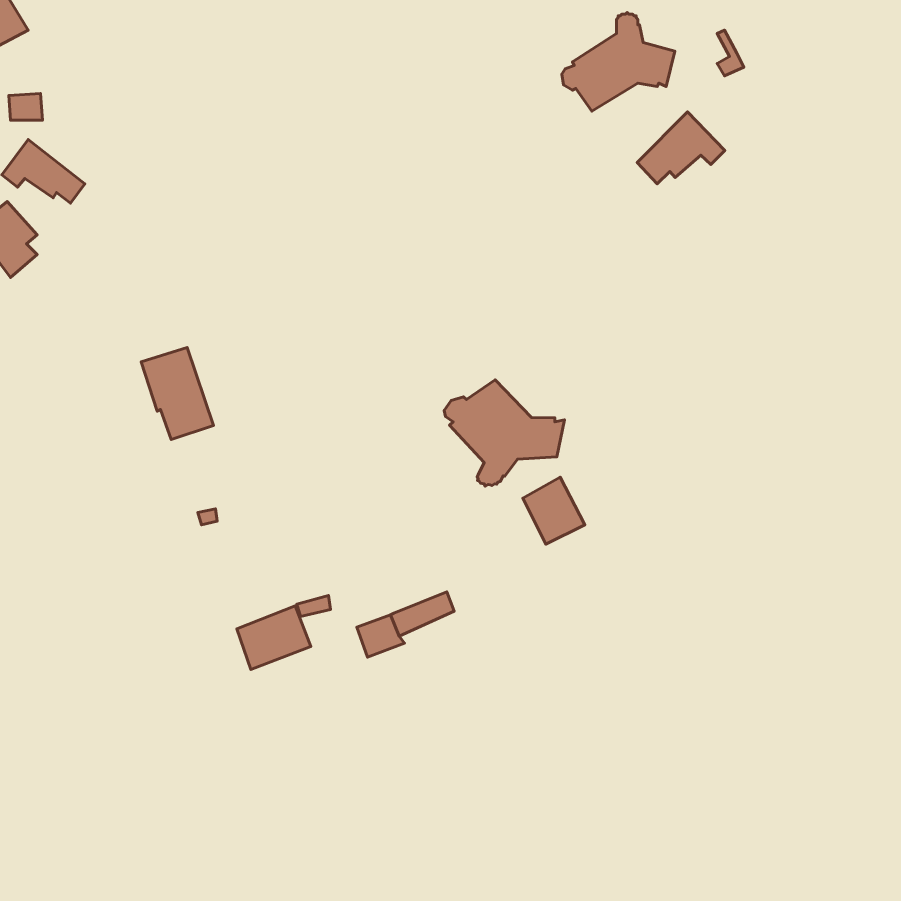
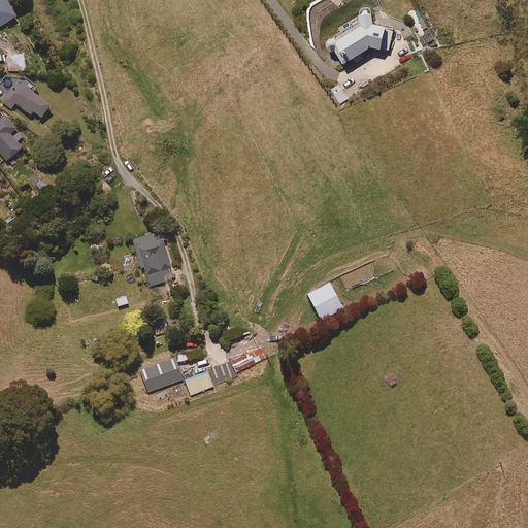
building: [637,112,725,184] -> none
building: [141,348,214,439] -> [132,232,174,286]
building: [444,380,564,486] -> none
building: none -> [183,369,211,394]

